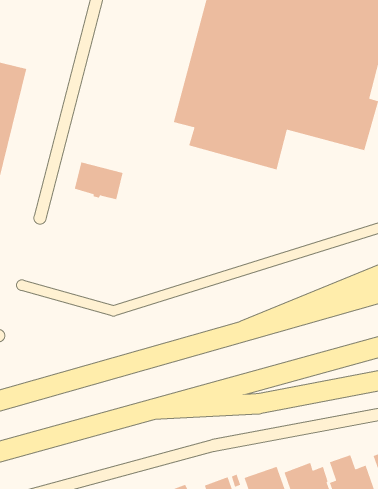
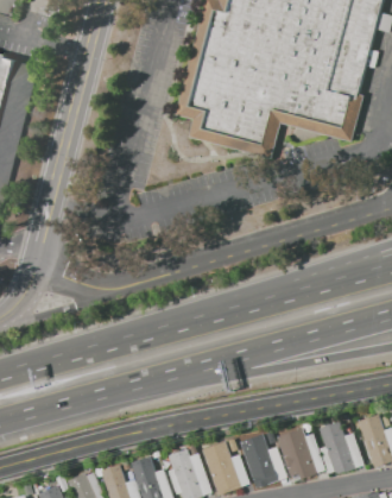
building: [74,161,124,200] -> none

